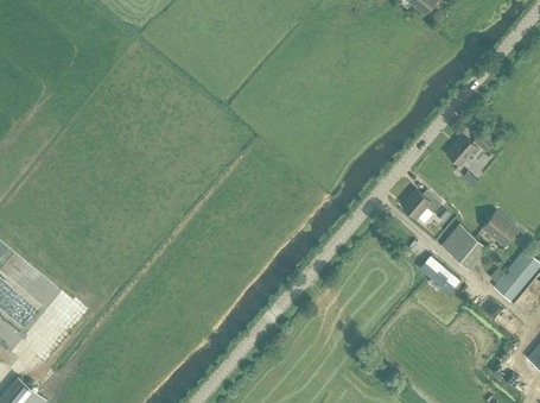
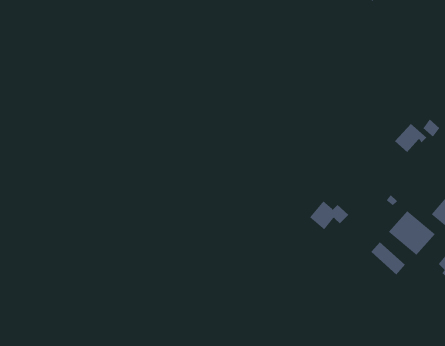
building: [401,189,441,219] -> [309,201,349,230]

